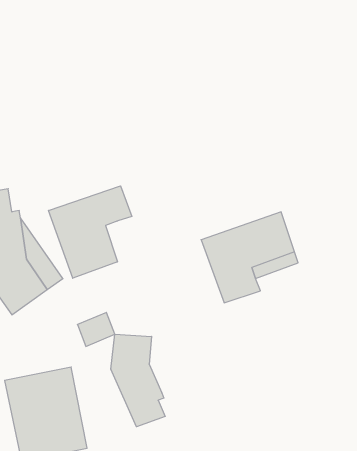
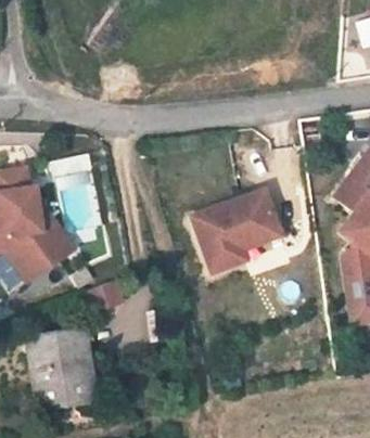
building: [49,186,132,278] -> none
building: [111,334,165,427] -> none

